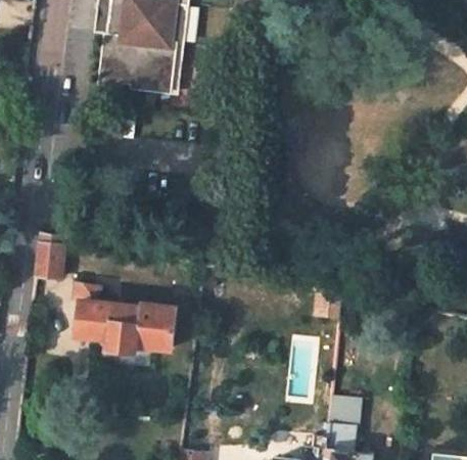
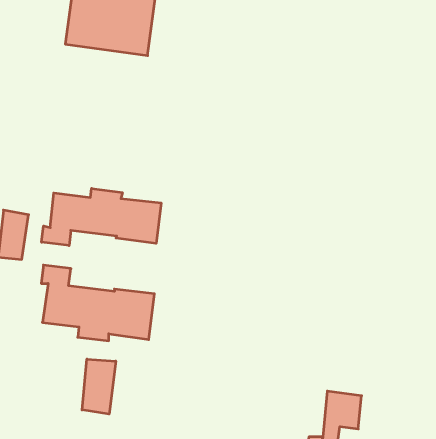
building: none -> [42,188,161,246]
building: none -> [82,359,116,414]

